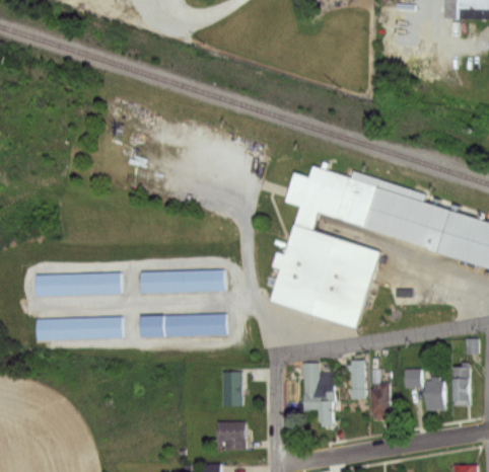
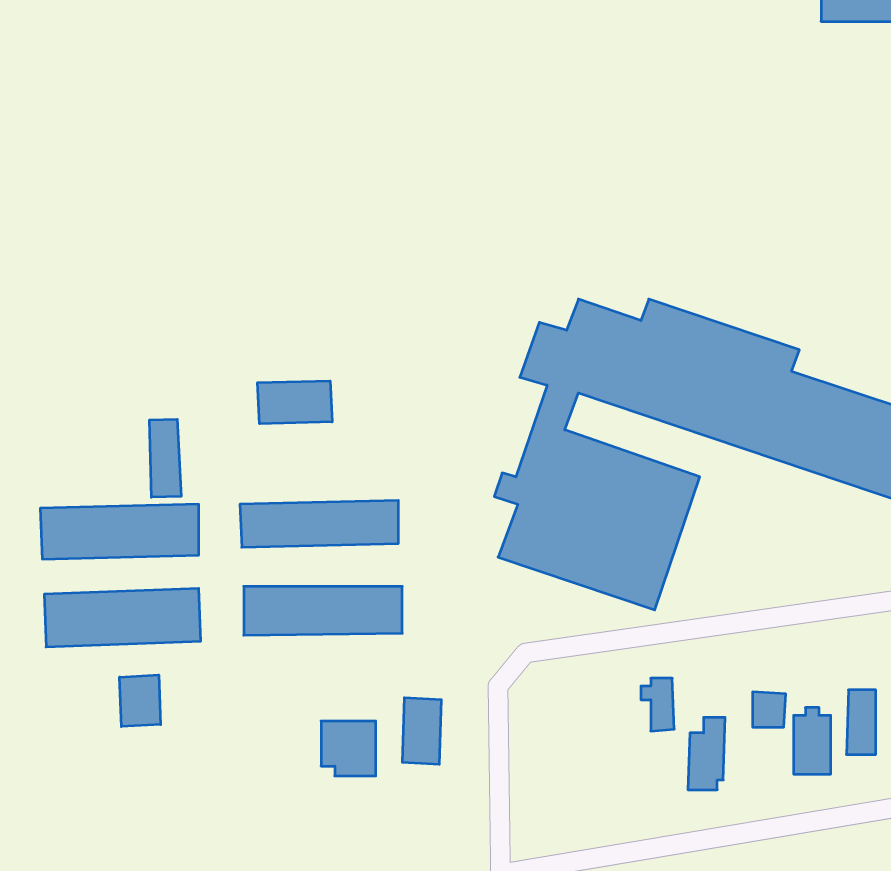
building: none -> [258,381,332,424]
building: none -> [150,419,181,497]
building: none -> [120,675,161,727]
building: [302,361,335,424] -> none
building: [217,420,246,449] -> [321,721,376,776]

